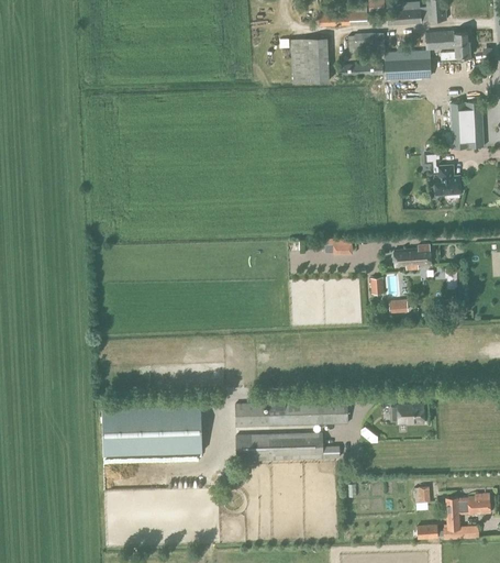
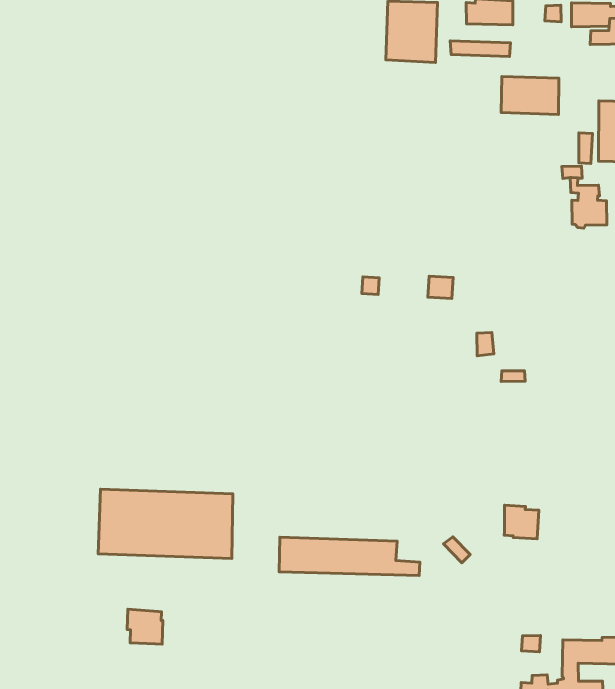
building: [386,53,429,80] -> [501,76,559,114]
building: [392,244,430,269] -> none
building: [235,400,347,426] -> none
building: none -> [127,609,163,644]

